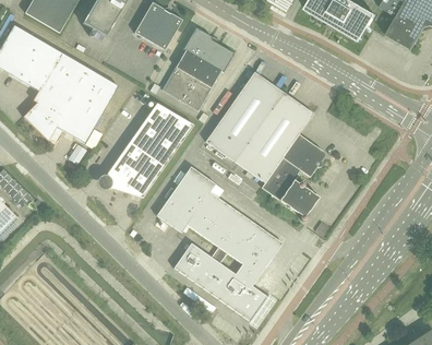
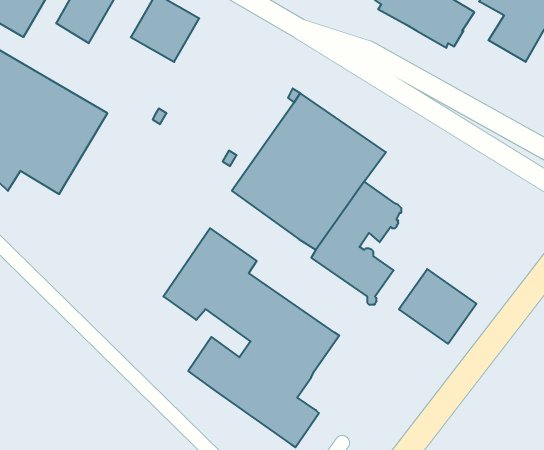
building: [161,26,233,109] -> none
building: [106,102,193,197] -> none
building: none -> [399,269,476,344]

